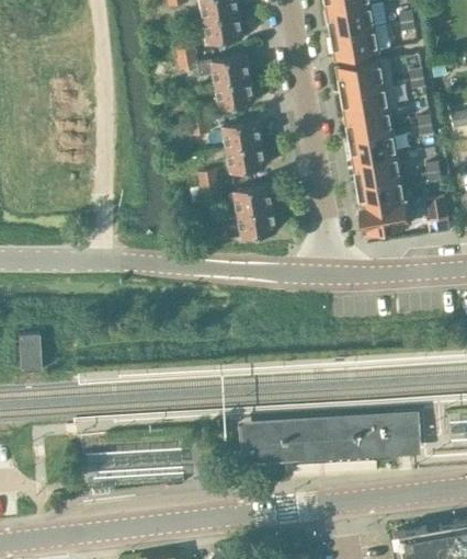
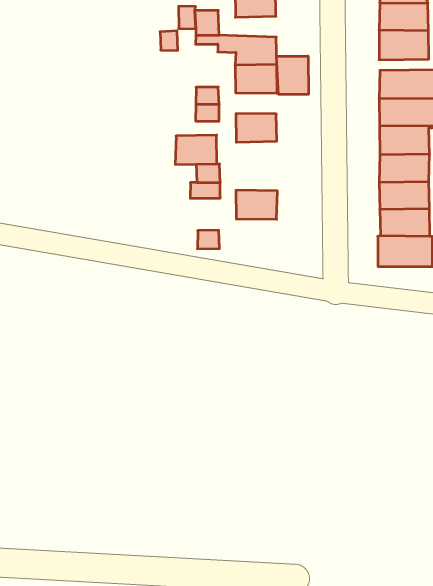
building: none -> [277,56,308,94]
building: [227,144,265,174] -> [175,135,217,164]
building: [238,209,276,239] -> none
building: [236,420,420,457] -> none

